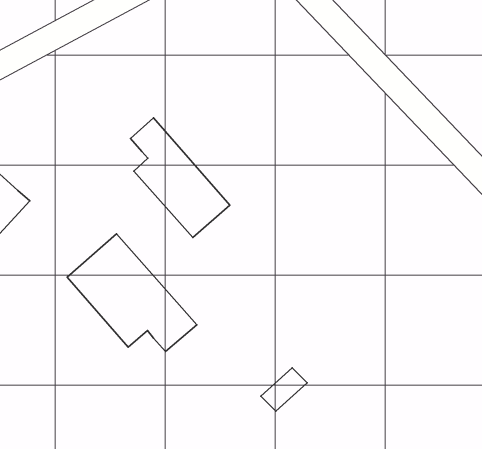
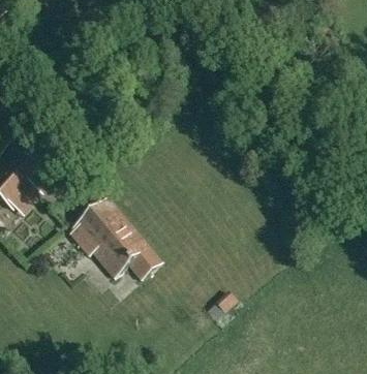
building: [130,118,230,238] -> none

